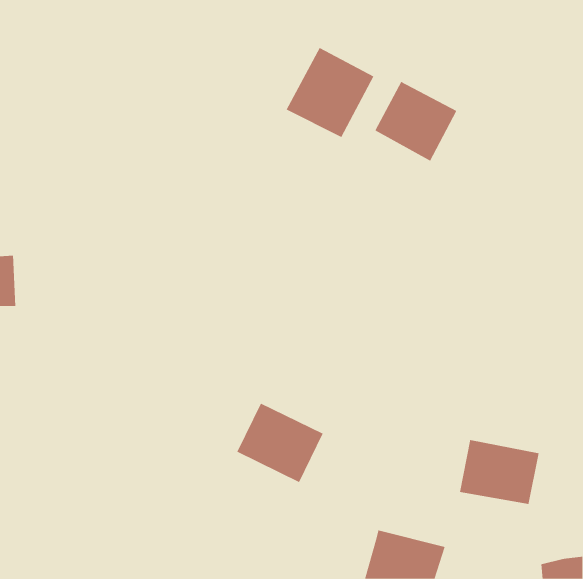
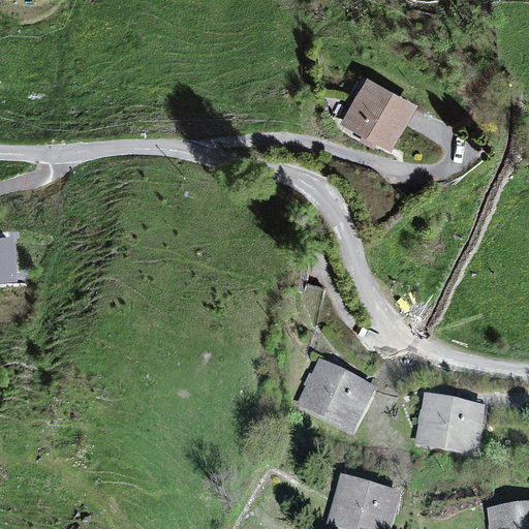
building: [286,47,374,138] -> none
building: [236,403,323,483] -> [298,361,376,433]

